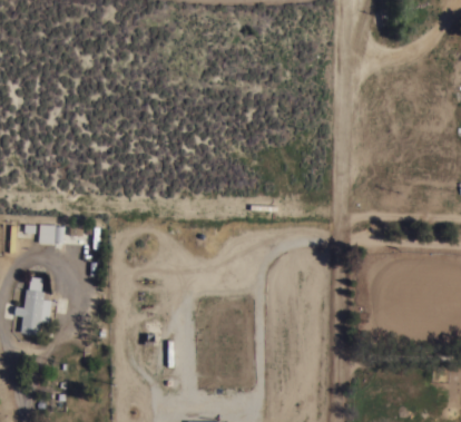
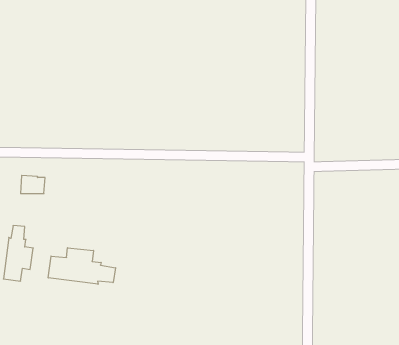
building: none -> [48,248,116,284]

